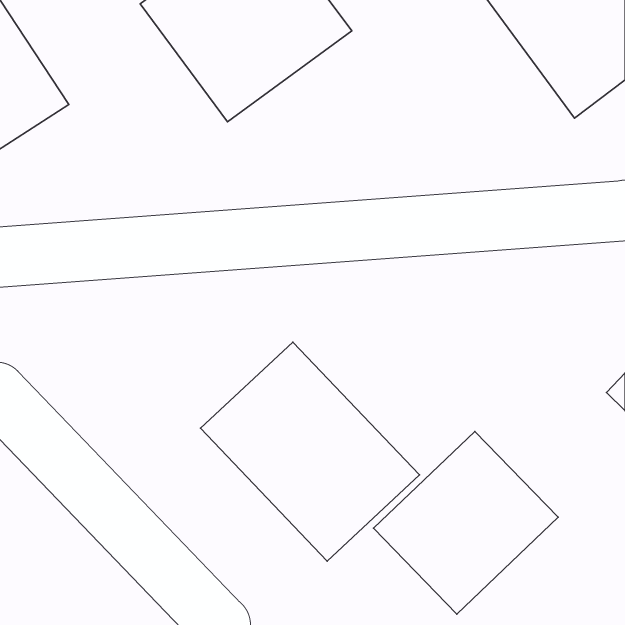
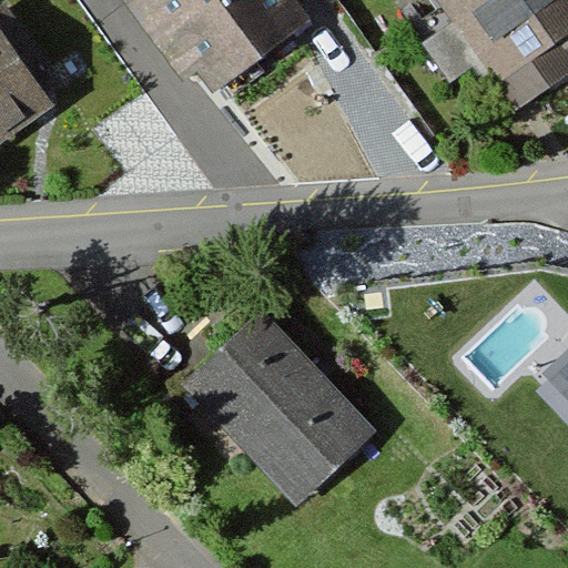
building: [373,431,558,614] -> none

